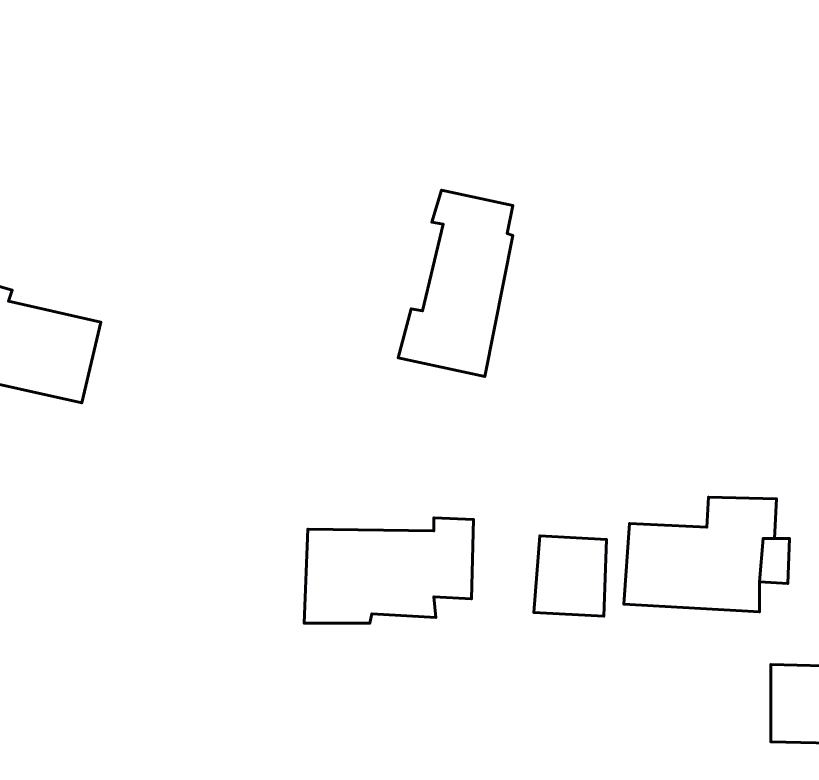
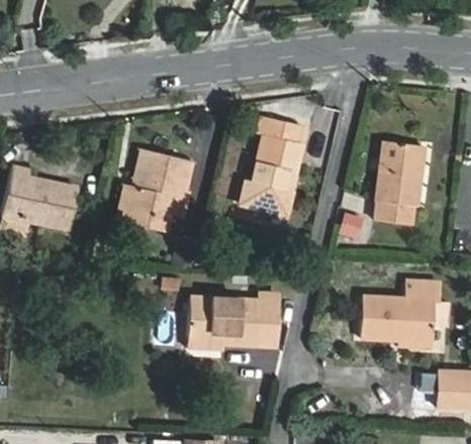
building: none -> [374,140,425,225]
building: none -> [116,147,194,230]
building: [534,536,606,616] -> none

